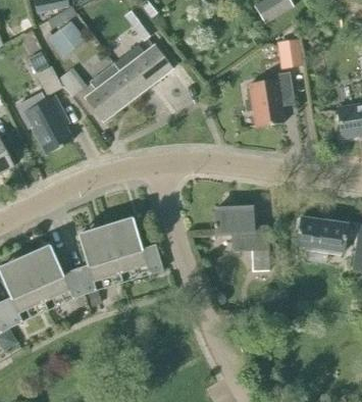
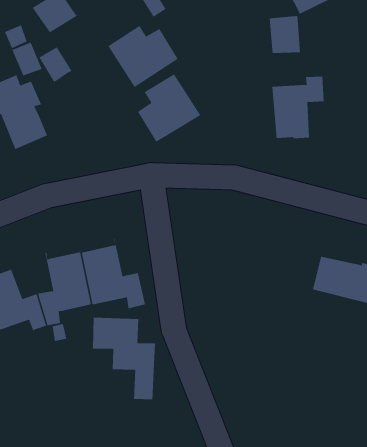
building: [275,34,304,66] -> [269,16,301,54]
building: [85,62,137,119] -> [137,73,201,142]
building: [213,206,268,271] -> [92,317,156,400]

